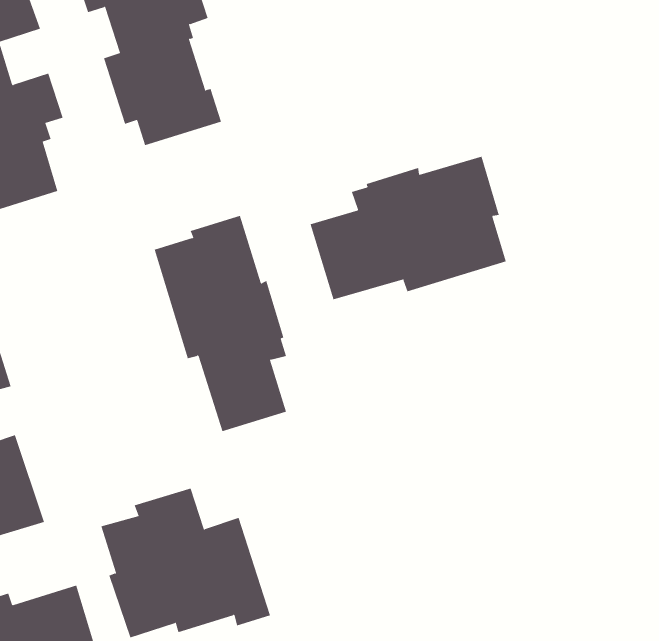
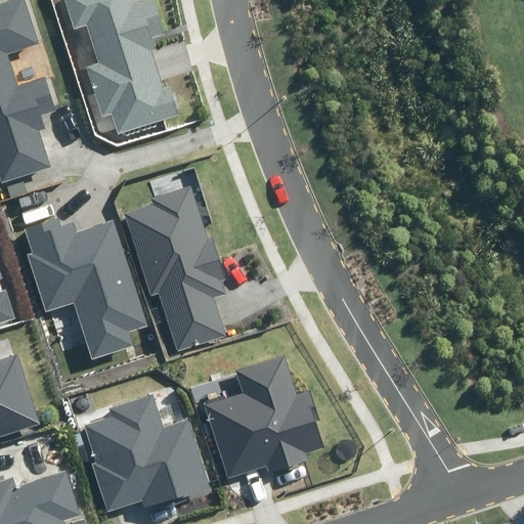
building: [310,156,507,300] -> none
building: none -> [21,217,146,356]
building: none -> [203,355,321,478]

